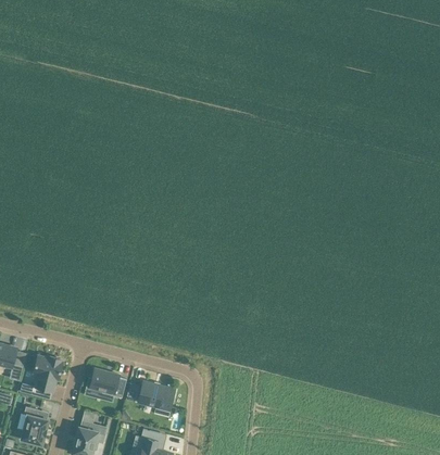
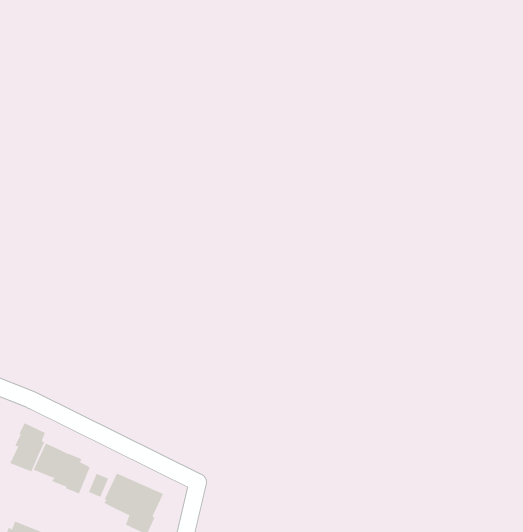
building: none -> [10,422,46,472]

